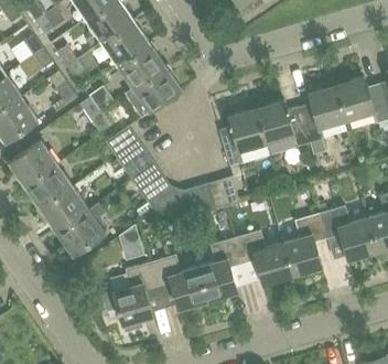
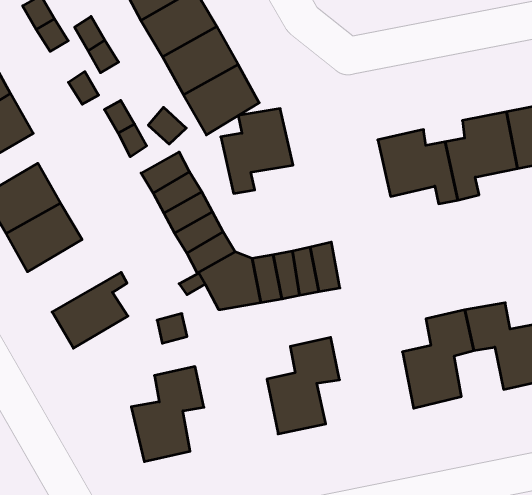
building: [219,109,267,165] -> [221,109,293,193]
building: [41,179,95,235] -> none
building: [236,231,292,286] -> none
building: [151,255,207,310] -> none

